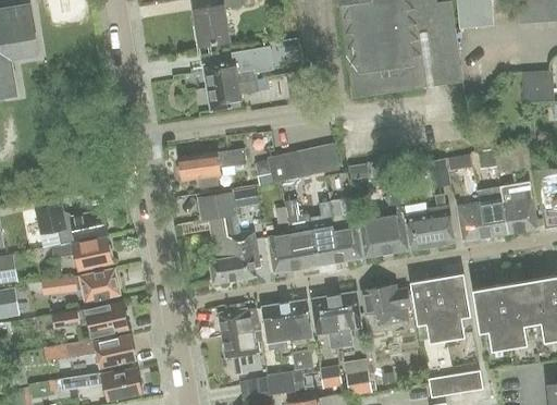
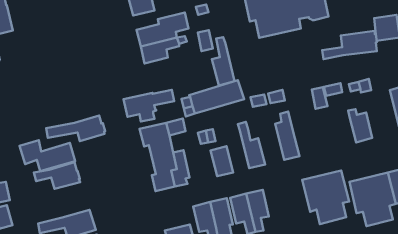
building: none -> [322,31,377,59]
building: [502,194,536,233] -> none
building: [406,195,454,249] -> none
building: [311,201,339,266] -> [212,37,235,86]
building: [457,202,485,241] -> none
building: [359,204,387,257] -> none
building: [268,234,296,273] -> none
building: [41,269,120,302] -> [46,115,105,141]
building: [360,285,409,326] -> none
building: [218,308,255,336] -> none

